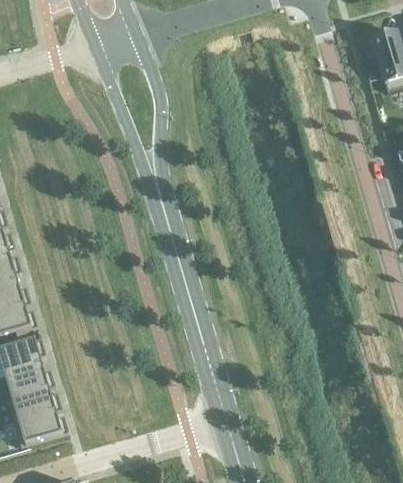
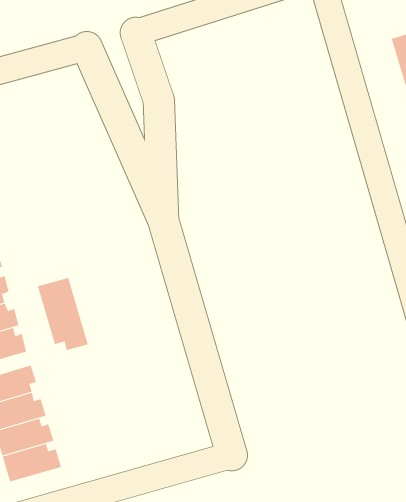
building: none -> [37,277,88,354]

